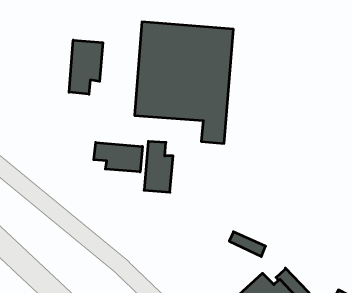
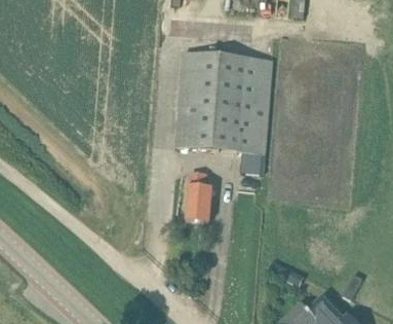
building: [69,40,103,94] -> none
building: [94,142,142,172] -> none

